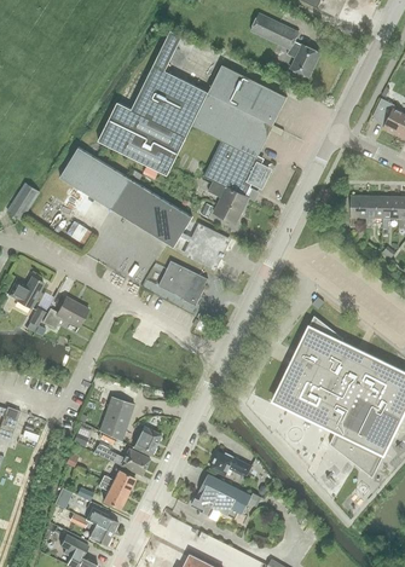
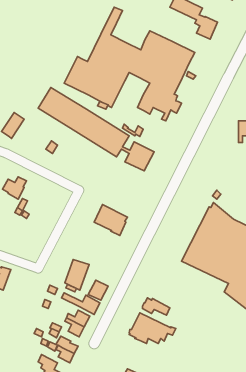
building: [209,177,249,224] -> none
building: [162,261,210,306] -> [94,205,127,235]
building: [42,297,88,329] -> none

